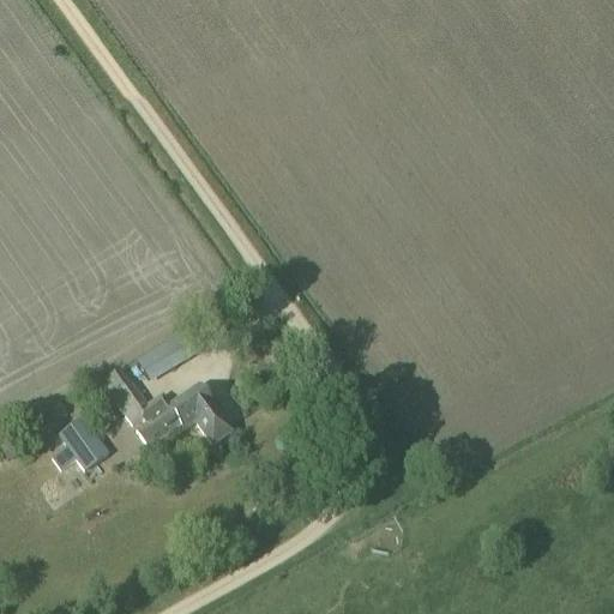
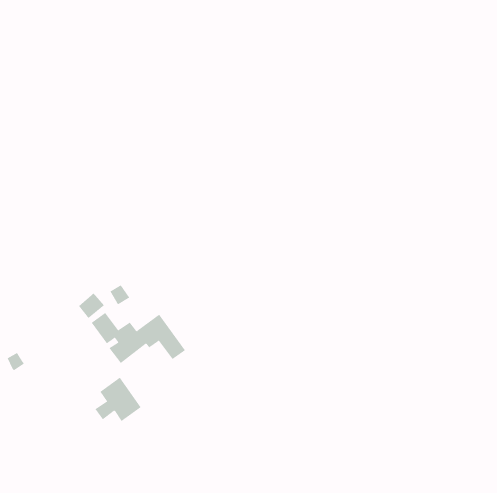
building: [54,414,112,469] -> [95,377,142,422]

